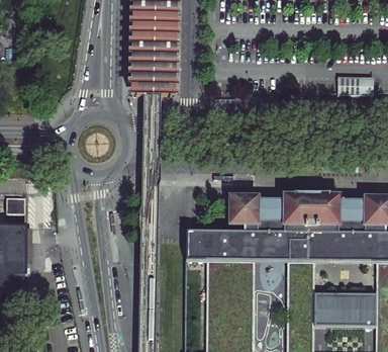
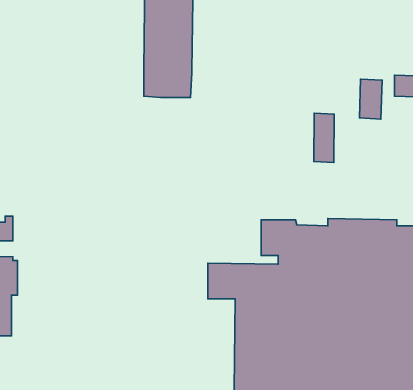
building: none -> [359,79,382,119]
building: none -> [314,113,334,163]

